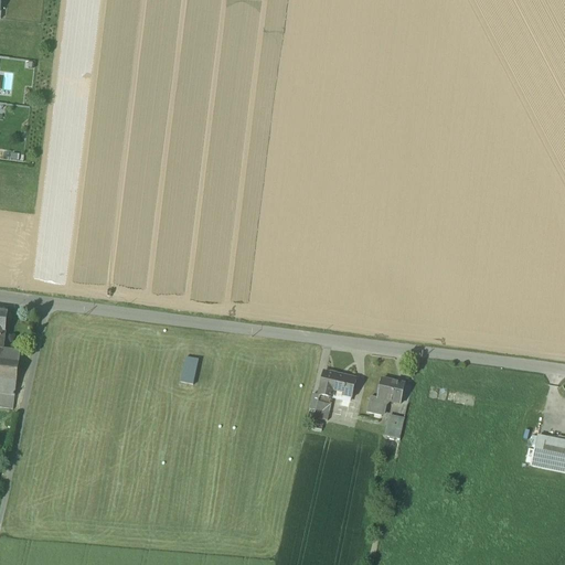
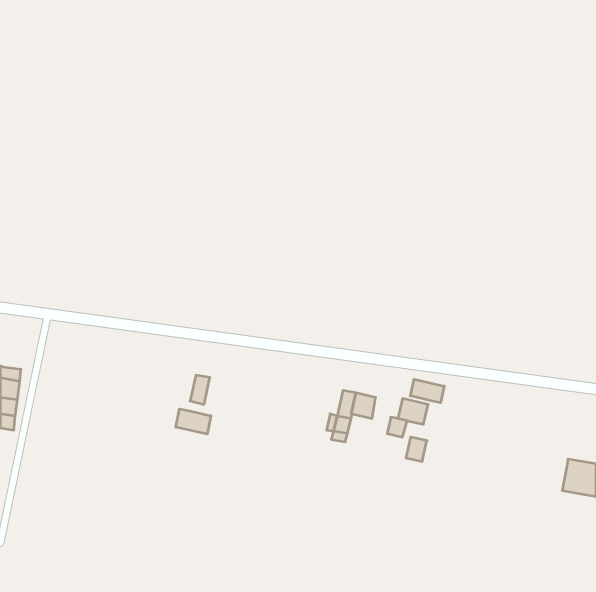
building: none -> [410,379,444,403]
building: none -> [176,409,211,434]

